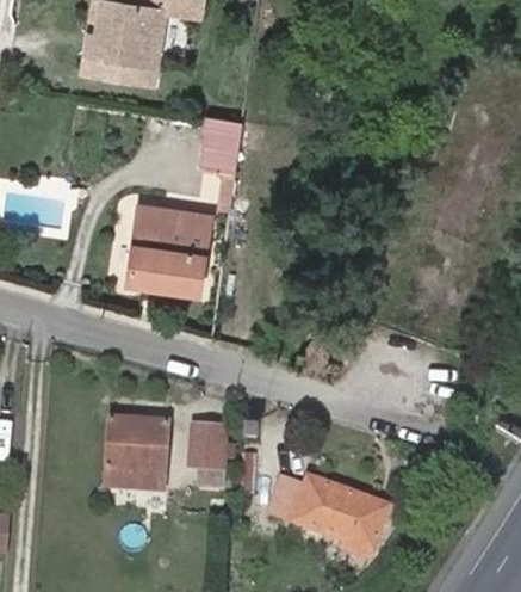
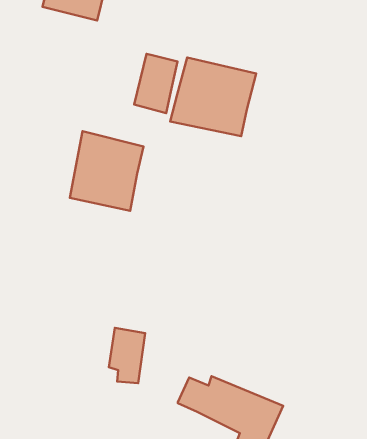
building: none -> [170,57,256,136]
building: [100,418,173,492] -> none

